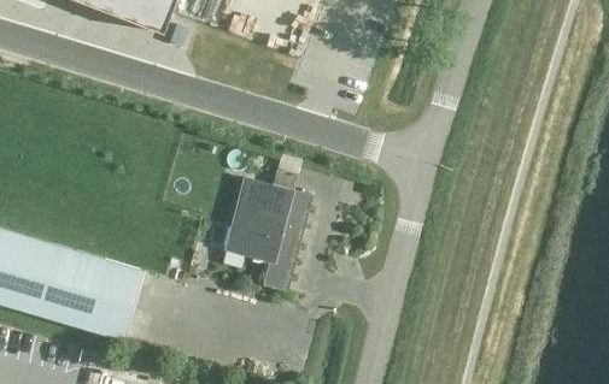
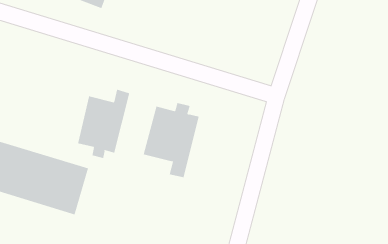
building: none -> [77,89,130,159]

